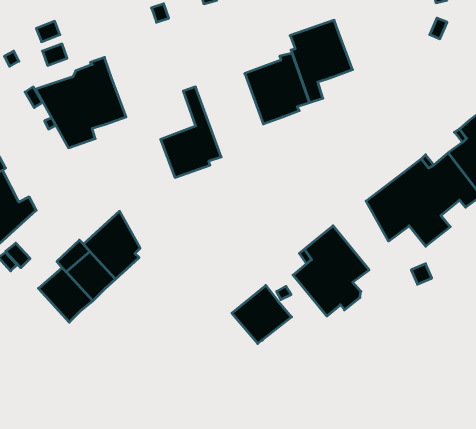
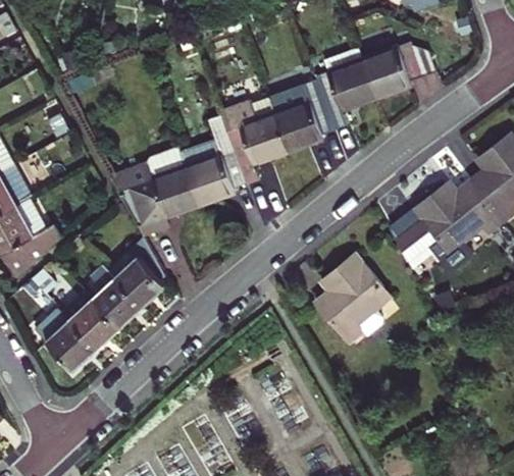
building: none -> [361,43,435,98]
building: [36,57,126,148] -> [109,146,199,235]
building: none -> [219,99,287,184]
building: none -> [34,307,94,370]
building: [232,285,292,344] -> none

